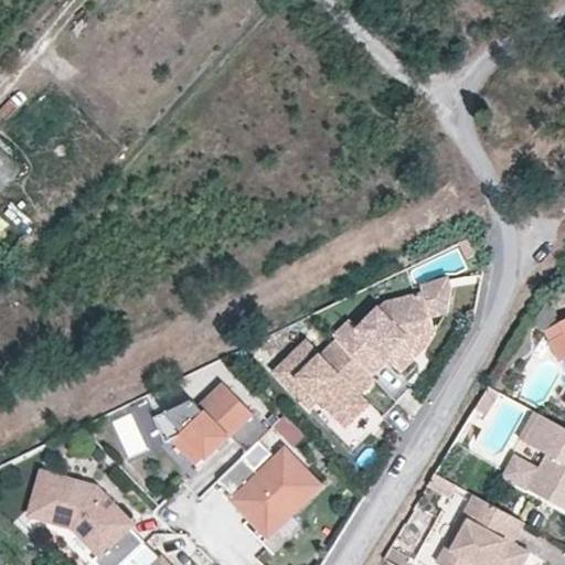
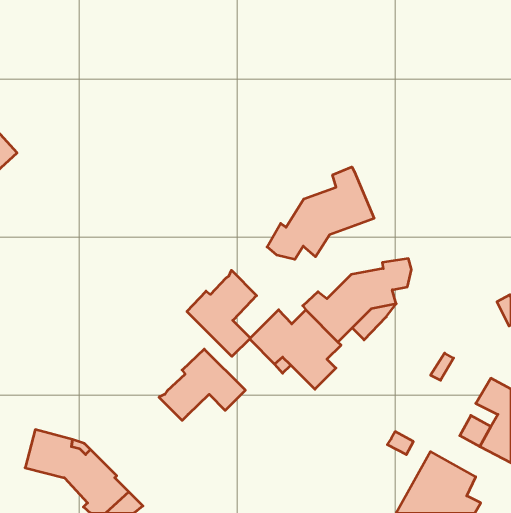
building: none -> [267,167,374,259]
building: none -> [187,270,257,356]
building: [154,398,203,439] -> none
building: [217,449,318,530] -> none

